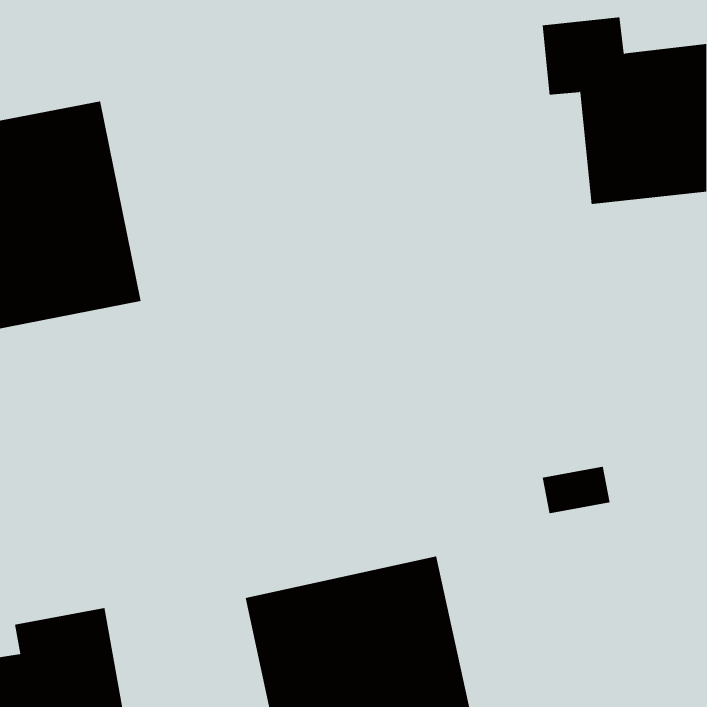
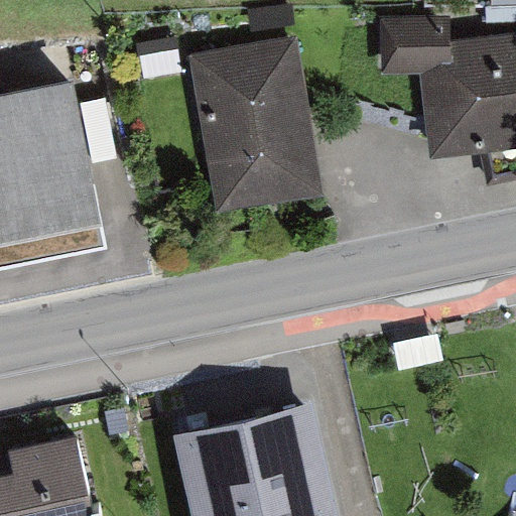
building: none -> [194,39,316,212]

